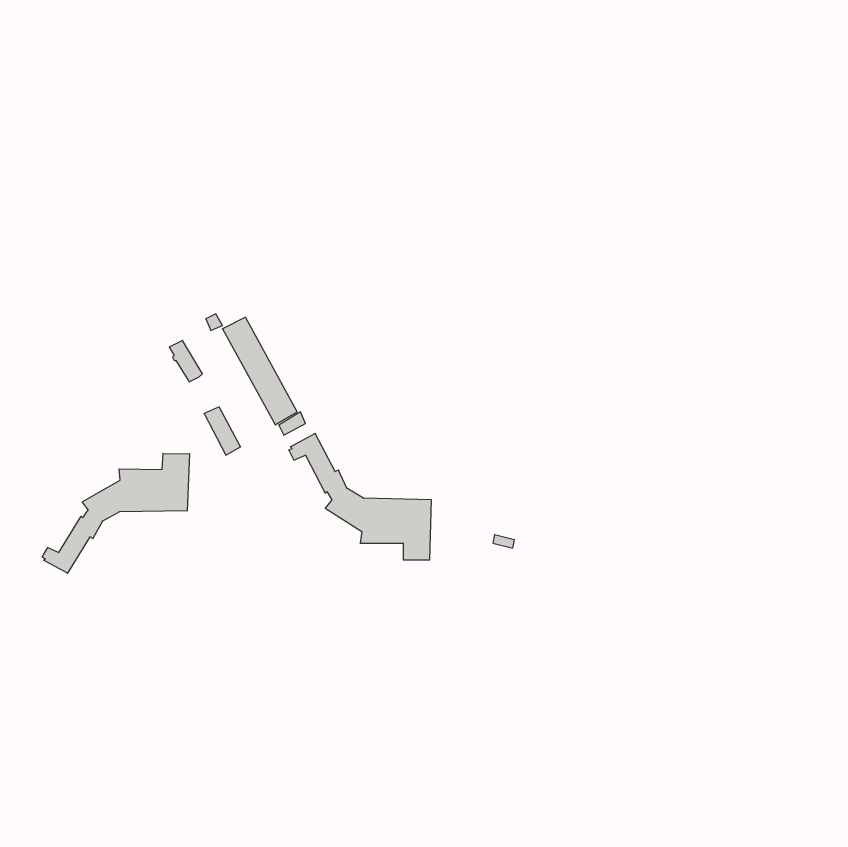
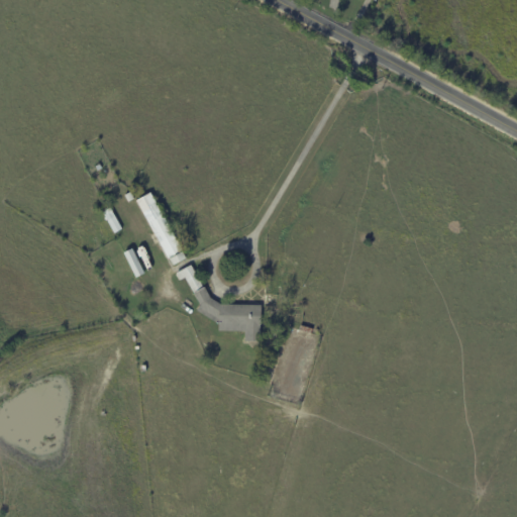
building: [42,453,190,573] -> none

